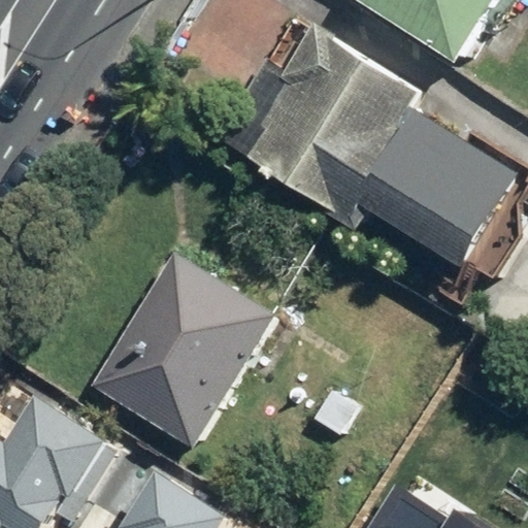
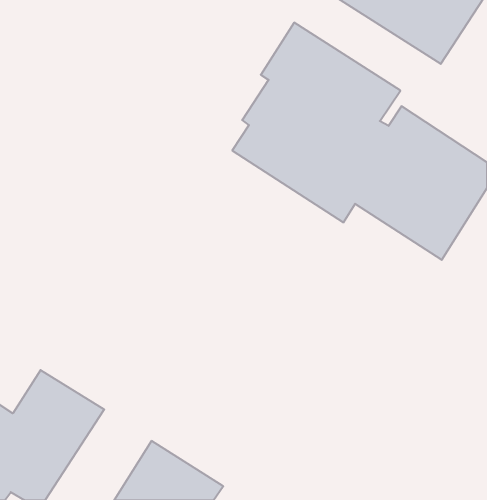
building: [92,254,275,450] -> none

